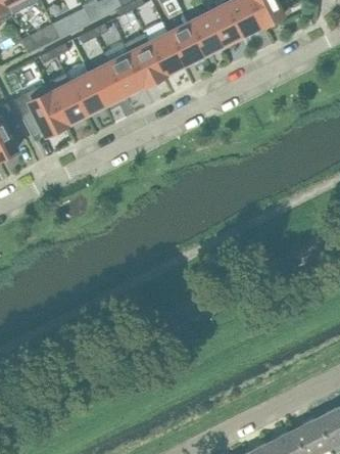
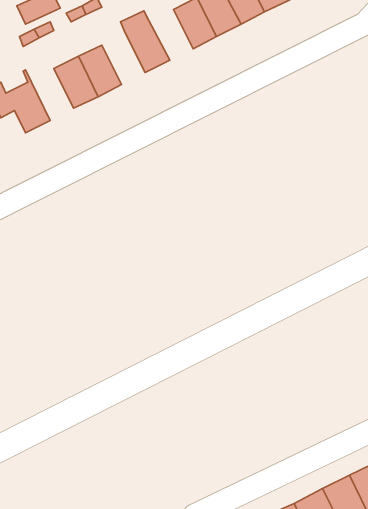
building: [147,33,184,75] -> none
building: [108,52,144,95] -> none
building: [45,74,85,125] -> none

